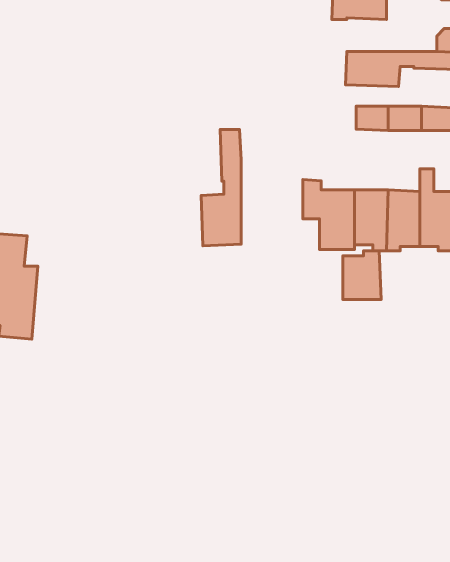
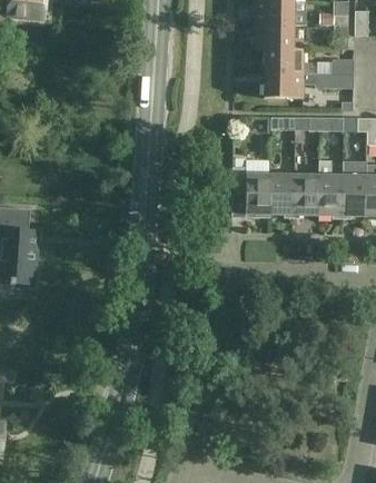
building: none -> [265,49,314,73]
building: [201,130,241,246] -> none
building: [343,251,381,299] -> none

